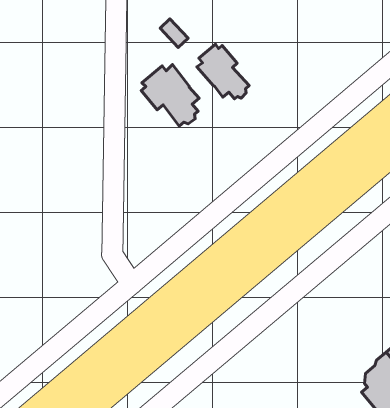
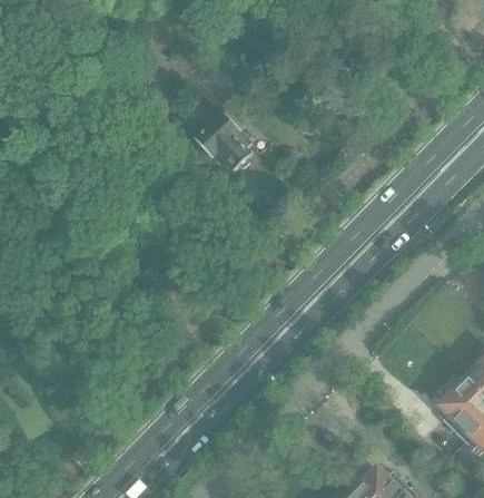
building: [197,44,249,99] -> none

